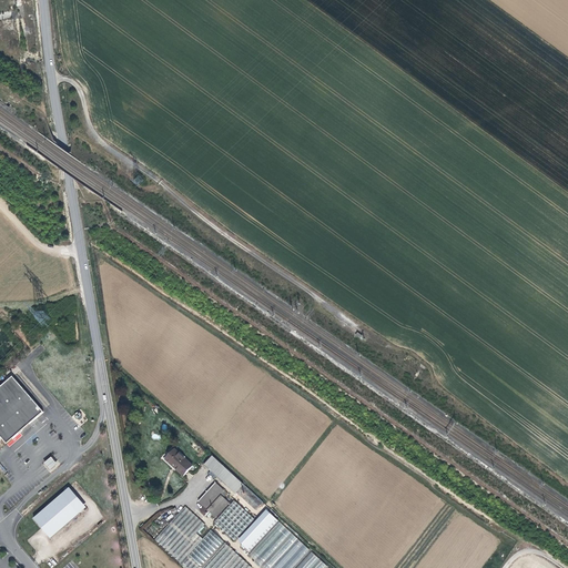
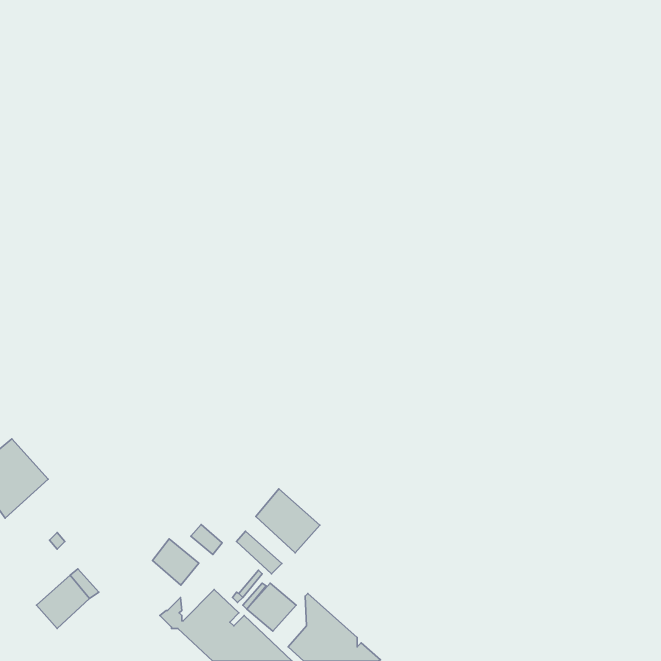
building: none -> [256,489,320,553]
building: none -> [152,539,199,585]

